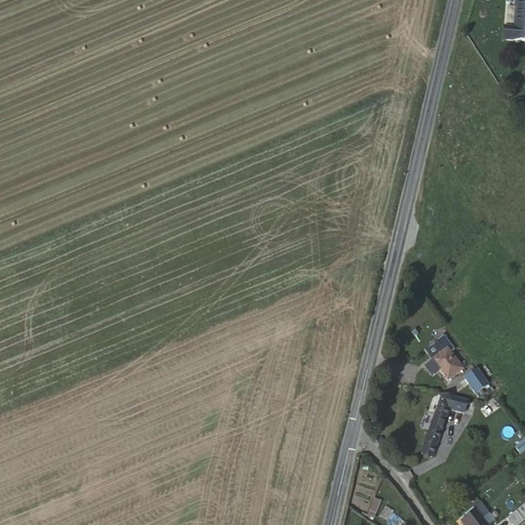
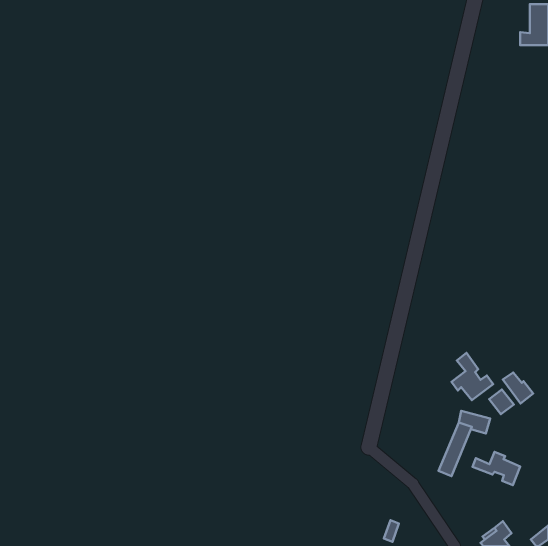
building: none -> [503,373,533,403]
building: none -> [472,452,520,485]

